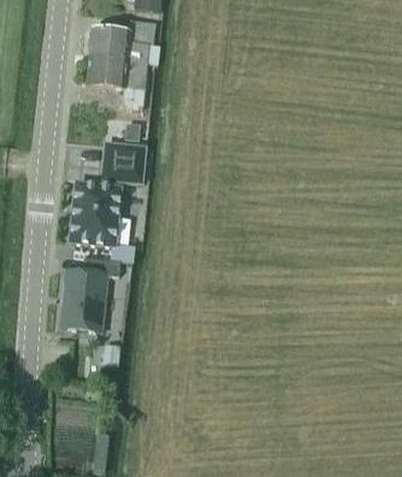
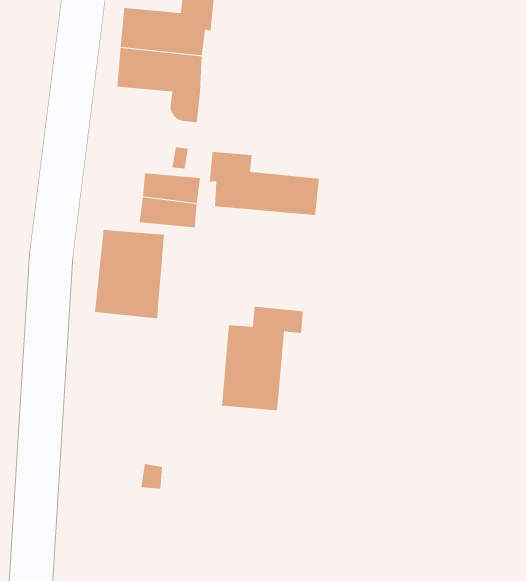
building: none -> [209,151,320,216]
building: [63,257,120,330] -> [221,306,304,411]

